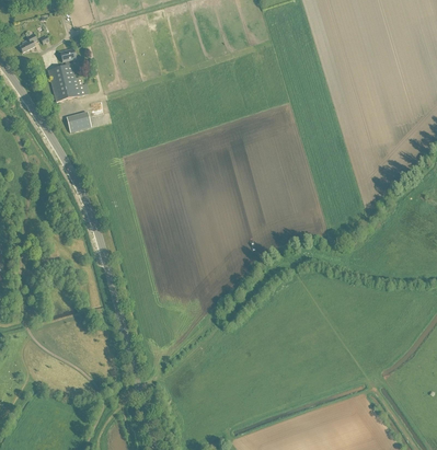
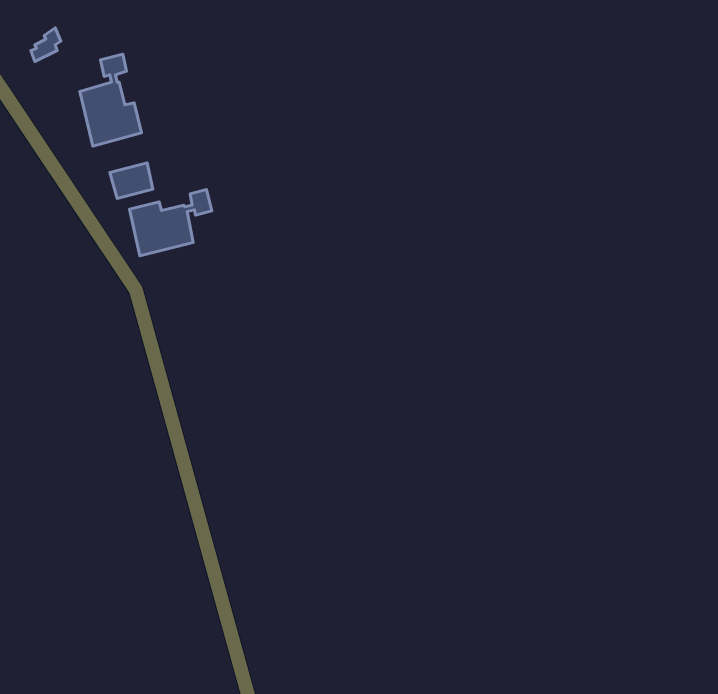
building: none -> [130,190,212,256]

